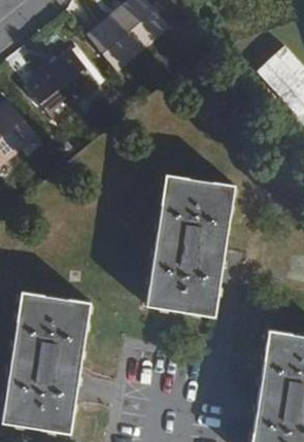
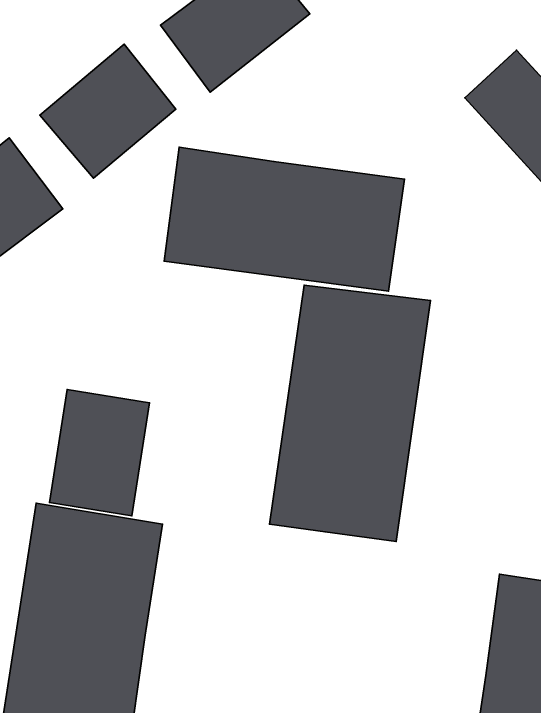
building: none -> [164,147,405,291]
building: none -> [49,390,149,516]

